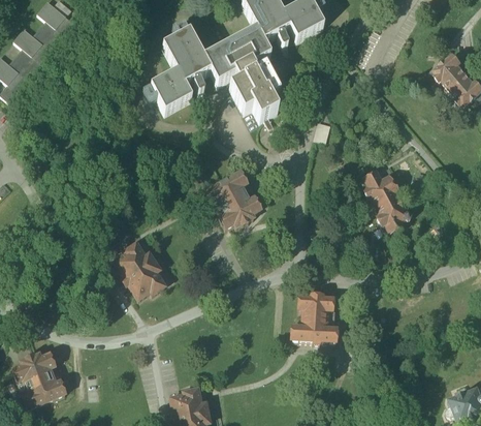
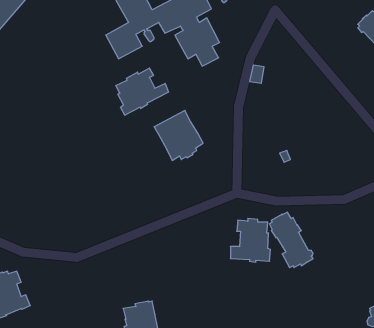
building: none -> [116,68,169,115]
building: [362,168,412,231] -> [269,212,313,268]
building: [114,240,169,298] -> none

